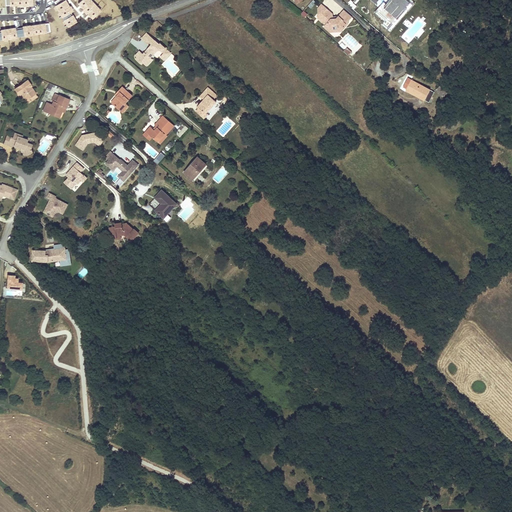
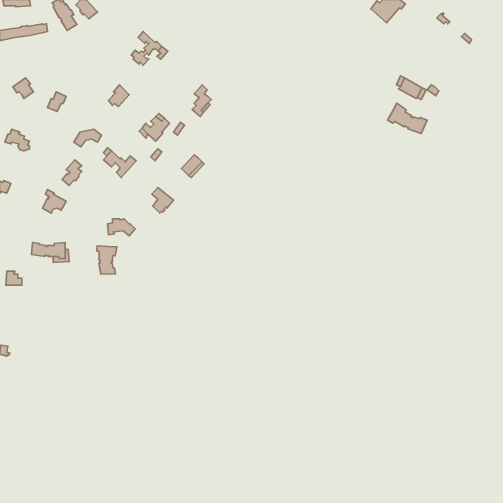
building: [315,6,349,31] -> none
building: none -> [387,103,427,133]
building: none -> [97,246,117,274]

